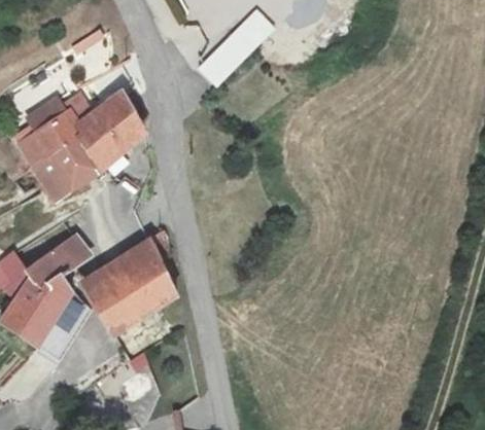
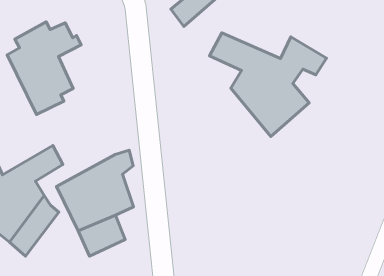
building: none -> [209,33,327,136]
building: [74,92,136,168] -> none

